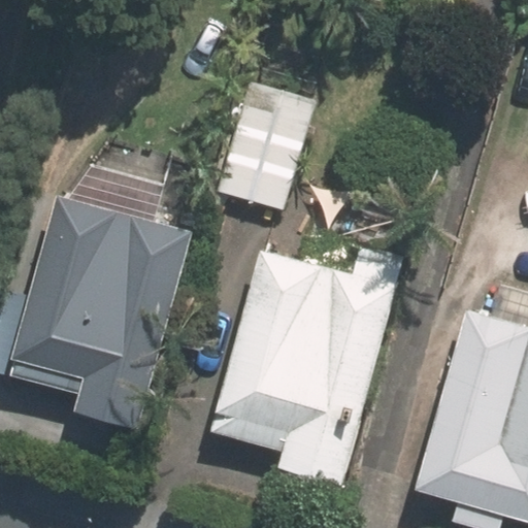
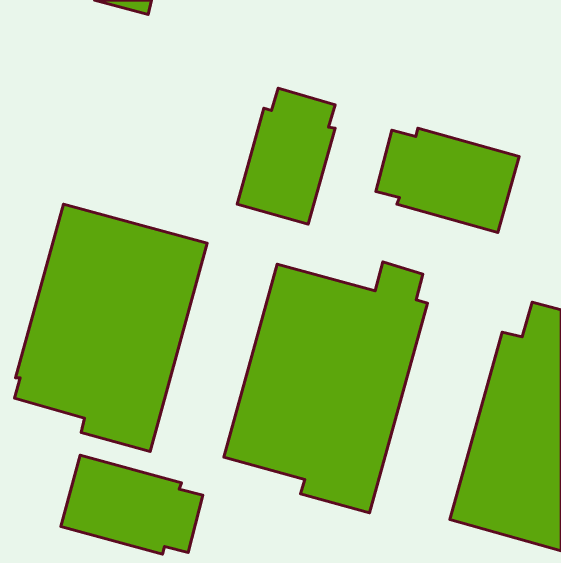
building: none -> [376,128,519,232]
building: none -> [61,455,203,554]

